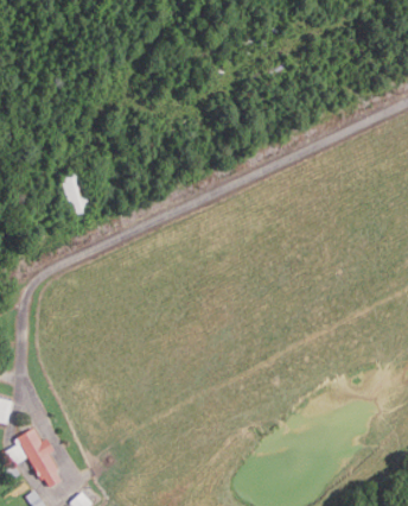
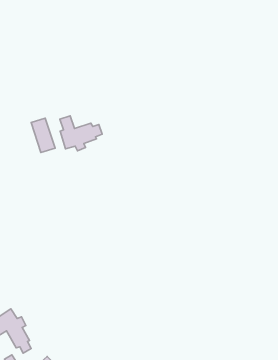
building: none -> [60,116,102,151]

